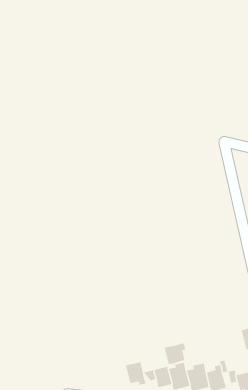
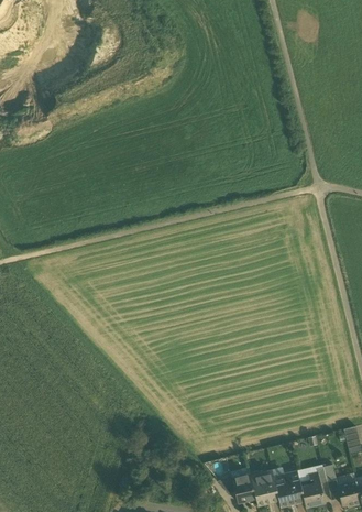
building: [164,342,186,365] -> none
building: [125,361,146,386] -> none

